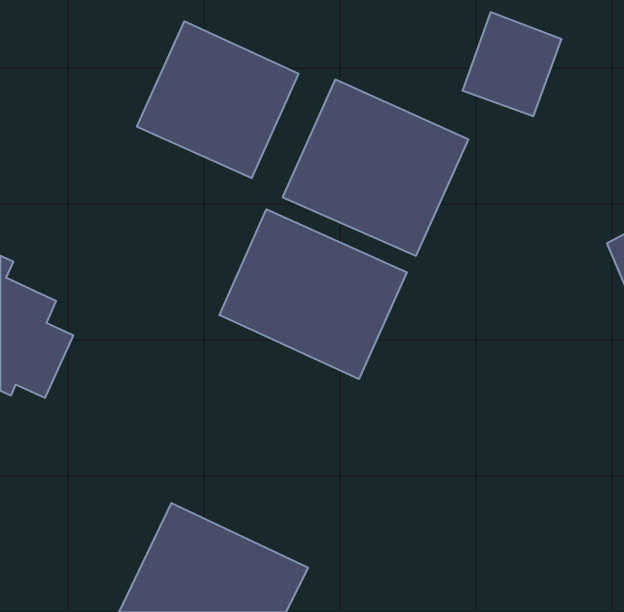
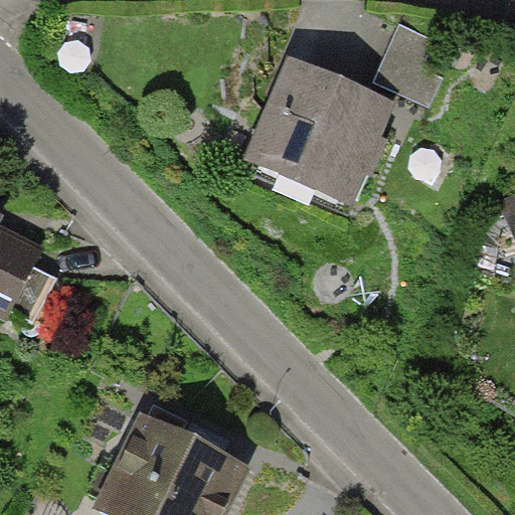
building: [137,21,298,178] -> none
building: [219,209,407,379] -> none

